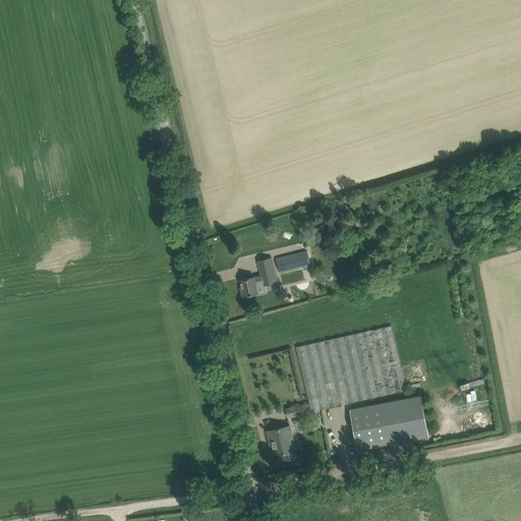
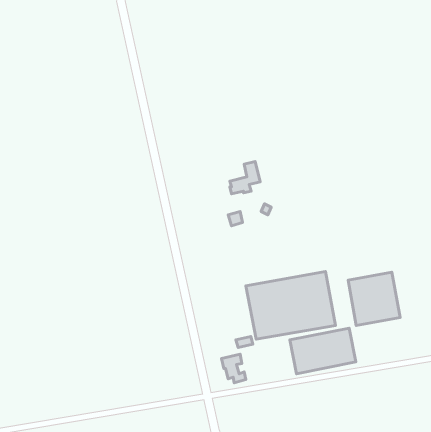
building: [240,257,277,296] -> [230,162,260,194]
building: none -> [348,272,400,325]

